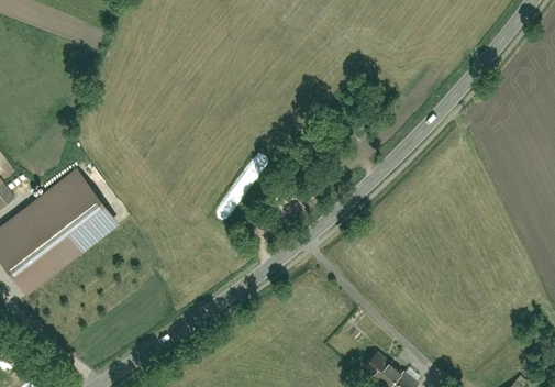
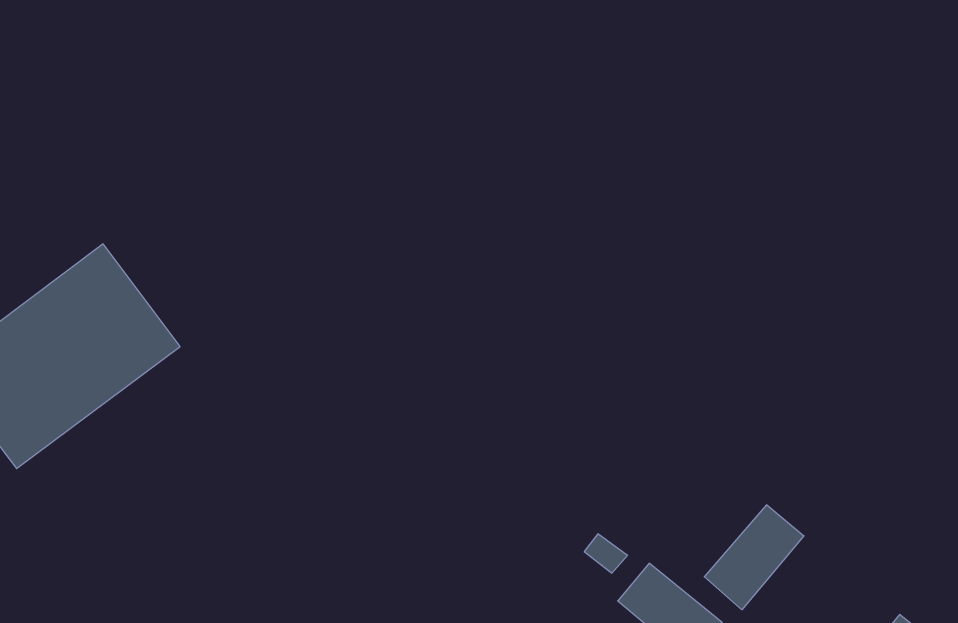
building: none -> [704,505,804,610]

